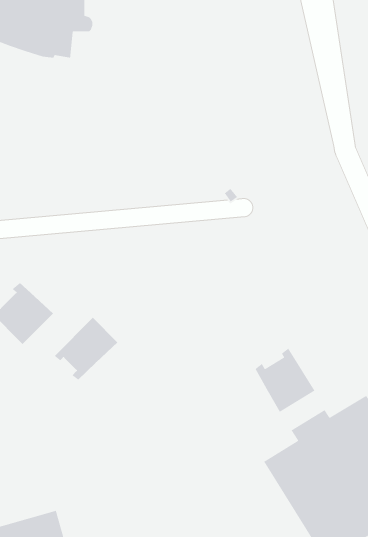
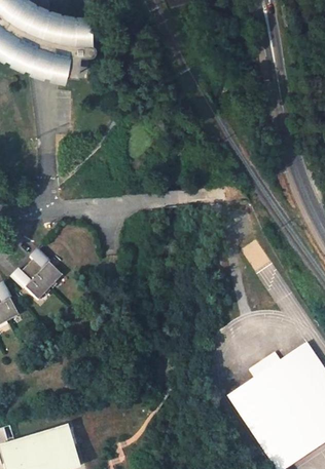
building: [54,317,118,380] -> none
building: [254,348,315,413] -> none

